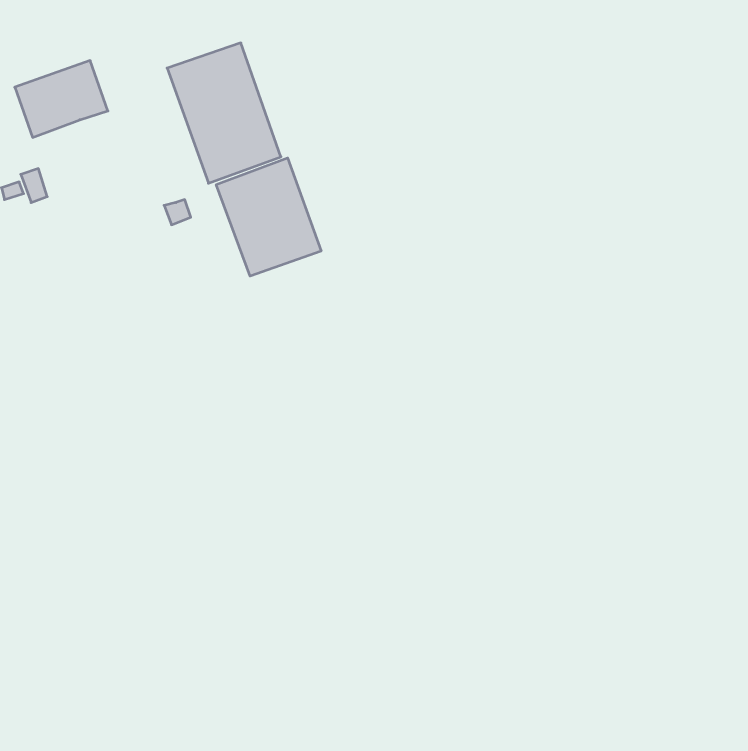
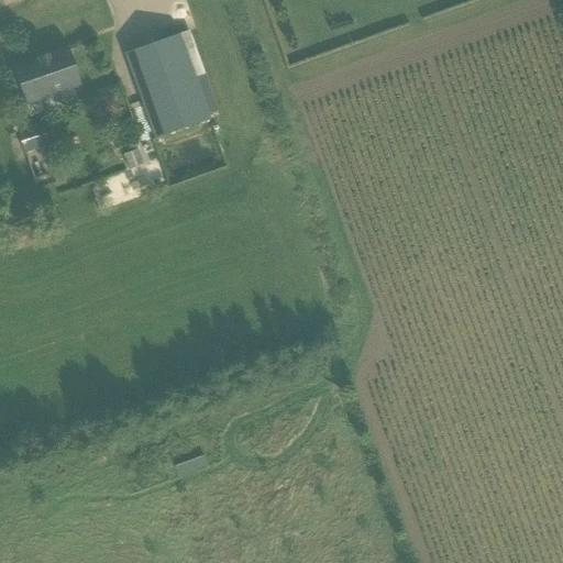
building: [216,158,321,276] -> none

